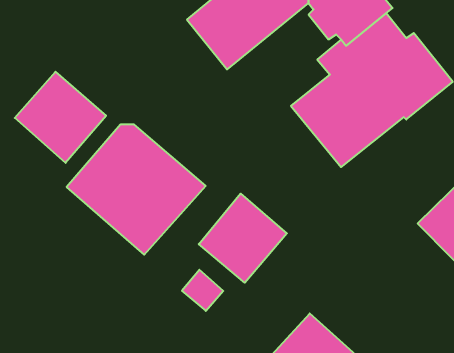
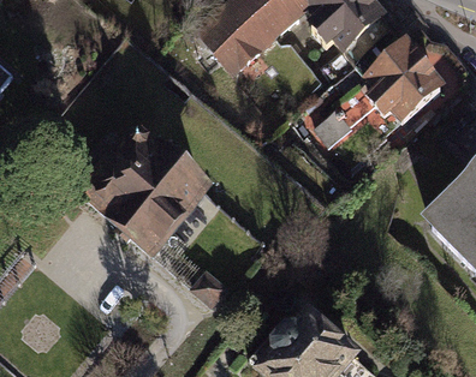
building: [15,72,106,163] -> none
building: [199,194,287,283] -> none

